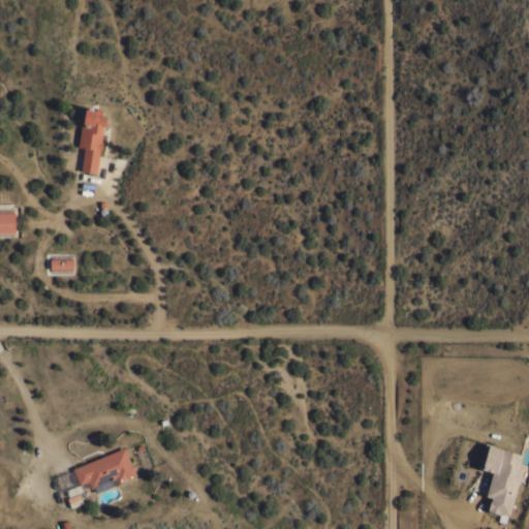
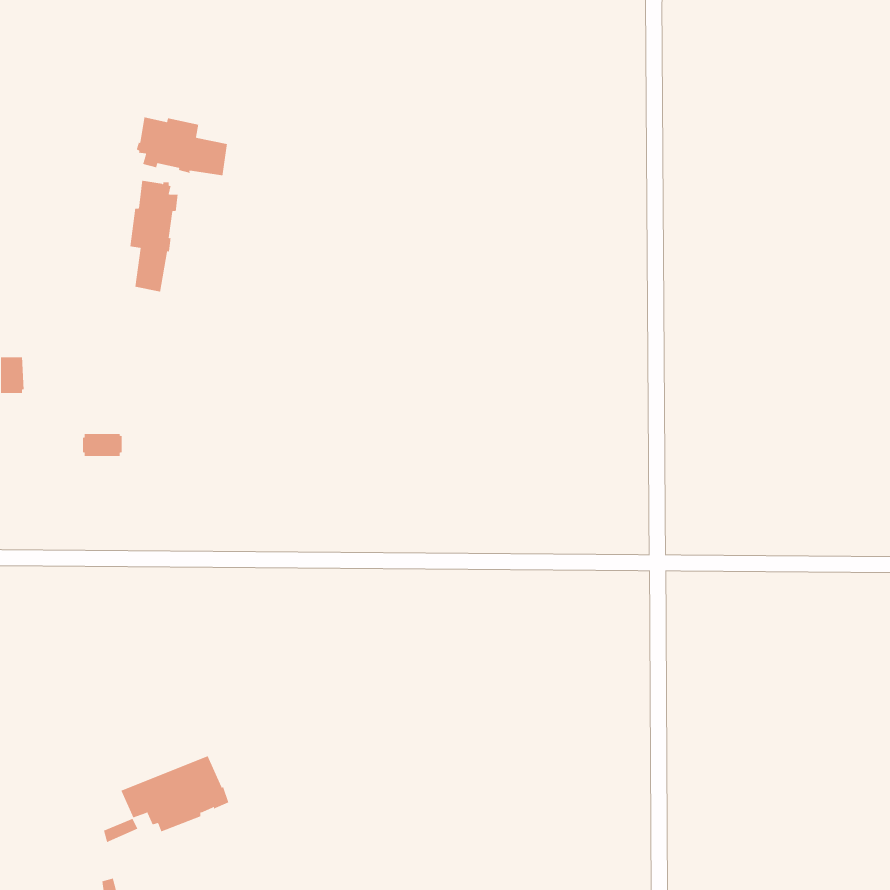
building: none -> [136,116,228,176]
building: [483,446,524,517] -> none

